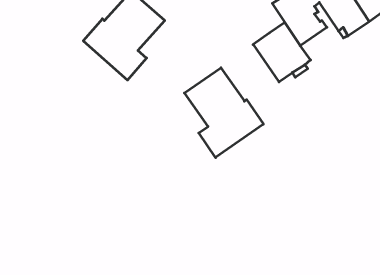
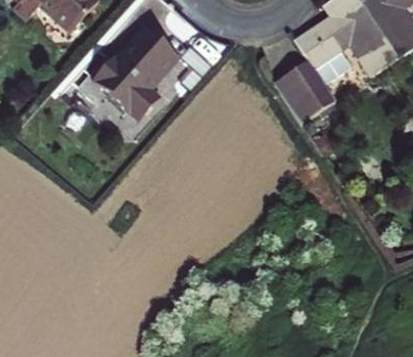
building: [184,68,263,158] -> none

